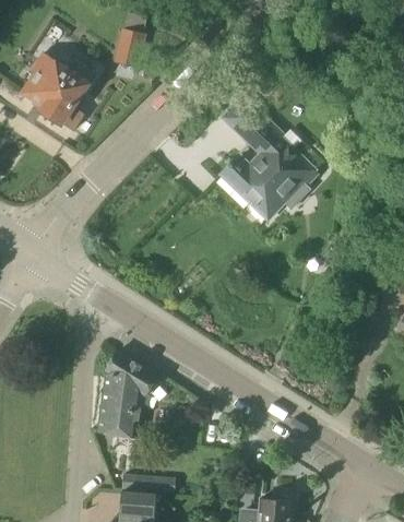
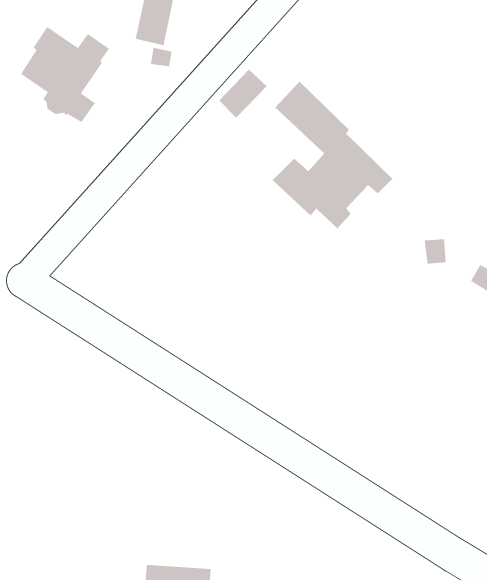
building: none -> [218,69,267,118]
building: [97,352,158,438] -> none

